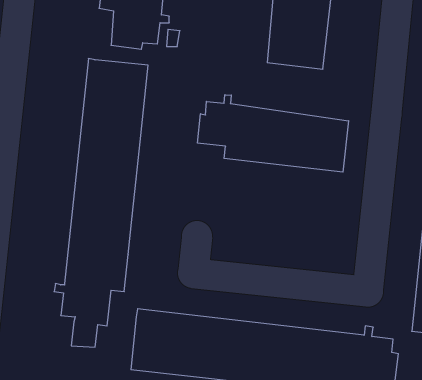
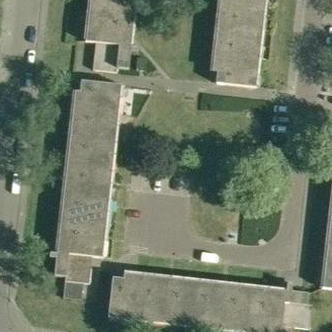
building: [198,95,349,172] -> none

